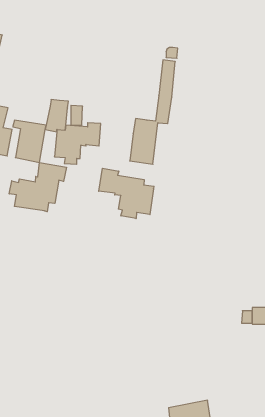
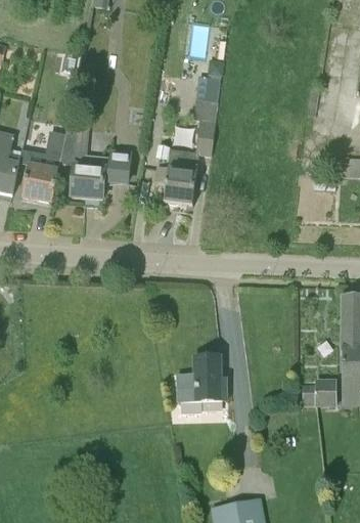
building: [9,163,66,212] -> none
building: [99,168,154,219] -> none
building: none -> [177,354,225,413]

